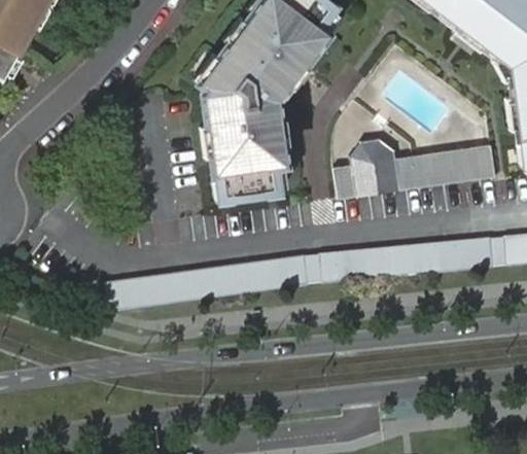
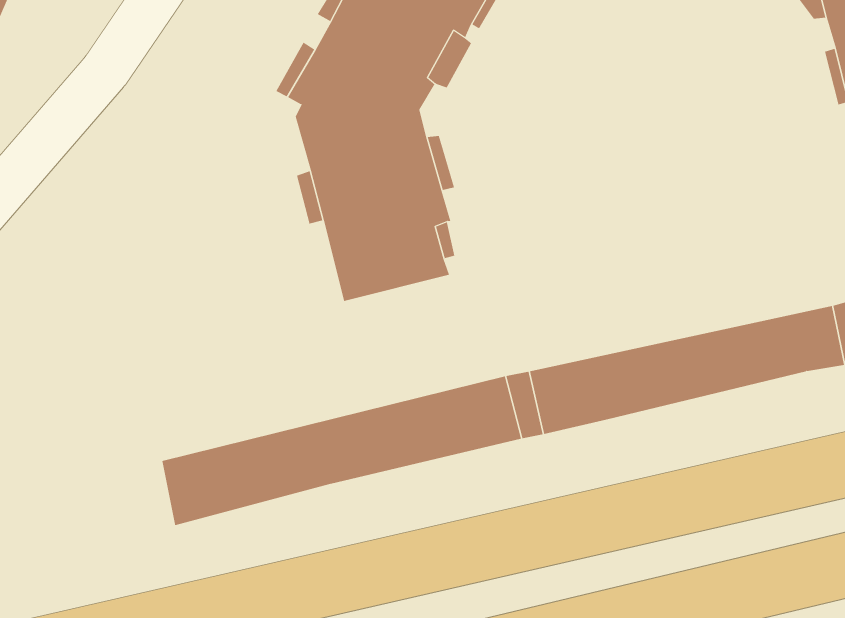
building: [333,133,501,199] -> none

